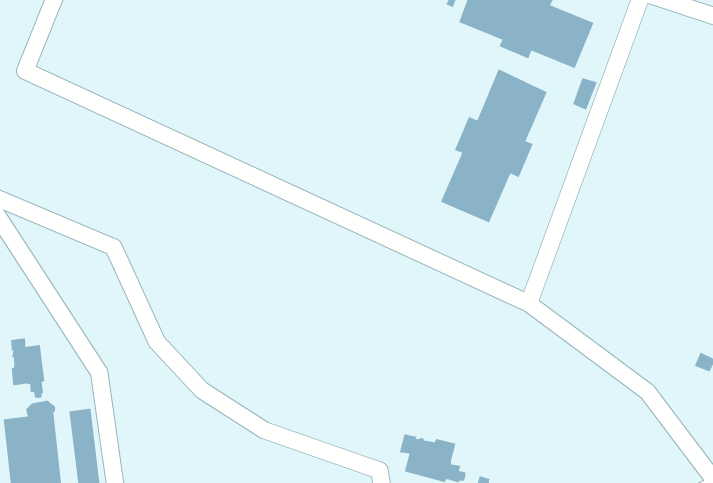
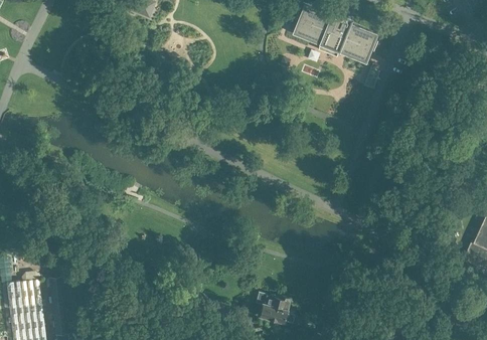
building: [440,68,548,223] -> none
building: [10,338,45,399] -> none

